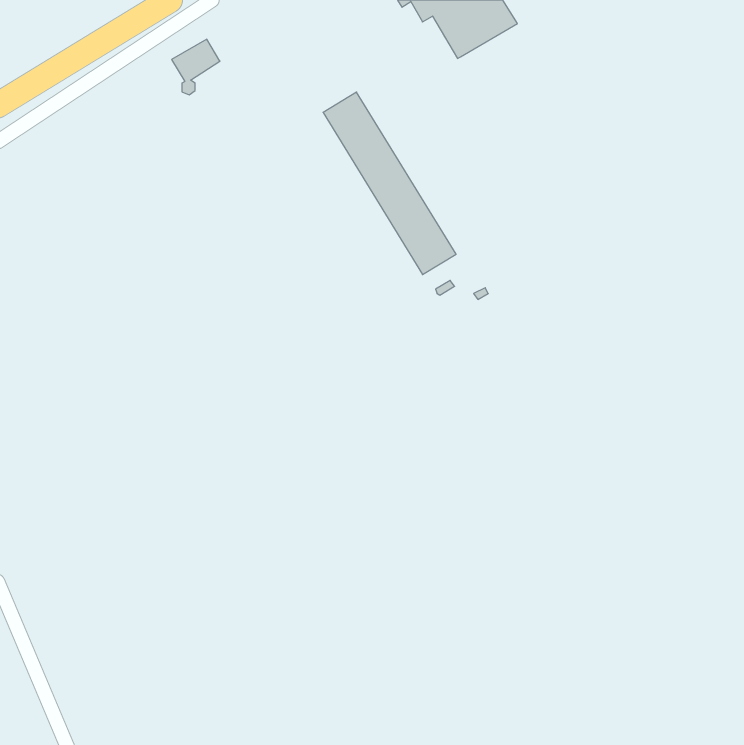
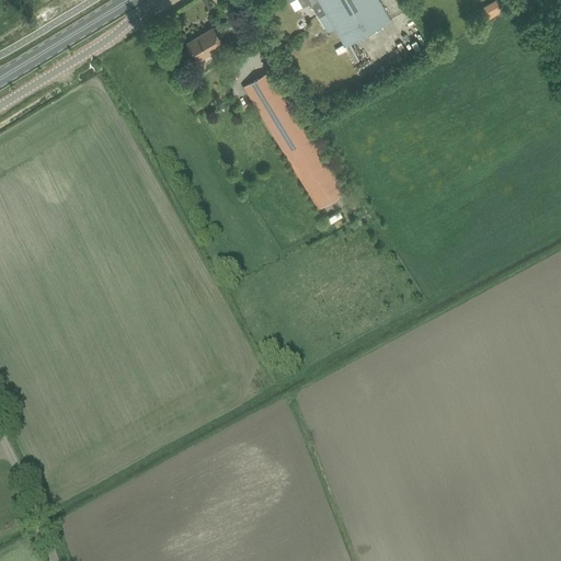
building: [172,39,220,95] -> [186,27,222,69]

